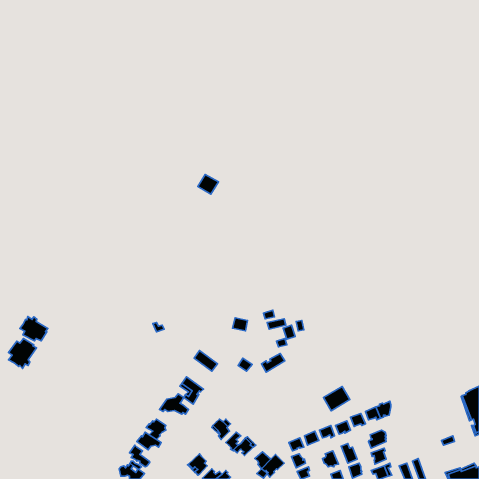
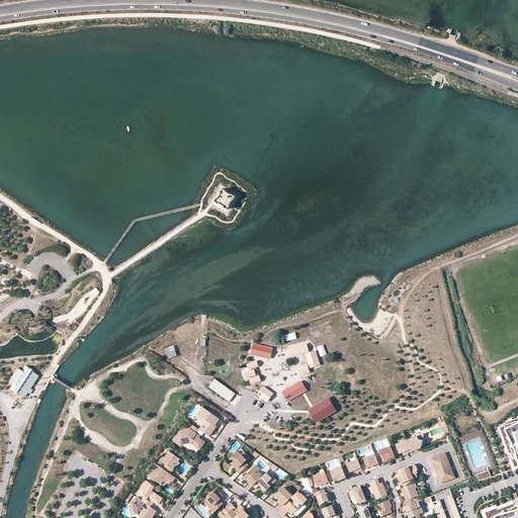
building: [20,317,48,341] -> none
building: [324,386,350,411] -> [309,397,337,423]
building: none -> [431,452,456,484]

